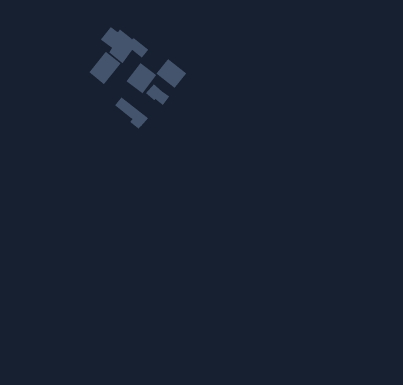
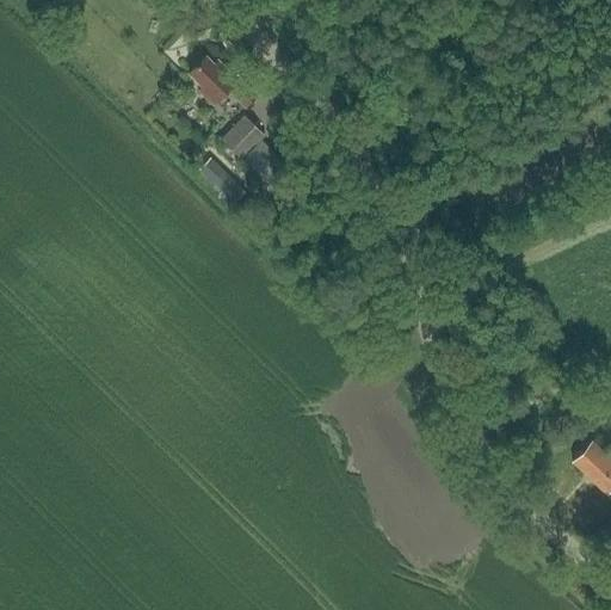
building: [88,51,121,85] -> none
building: [156,58,187,89] -> none

